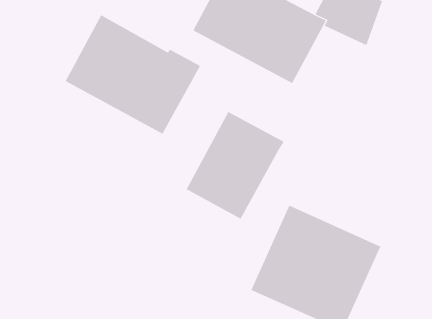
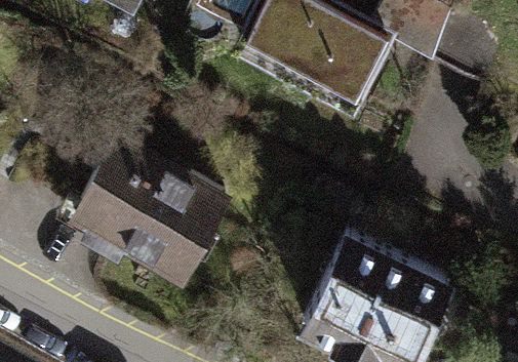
building: [65,15,201,134] -> [79,143,226,272]
building: [186,111,284,220] -> none

